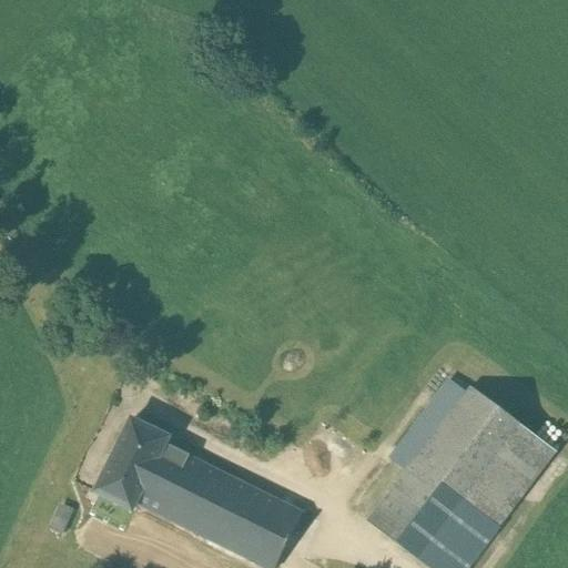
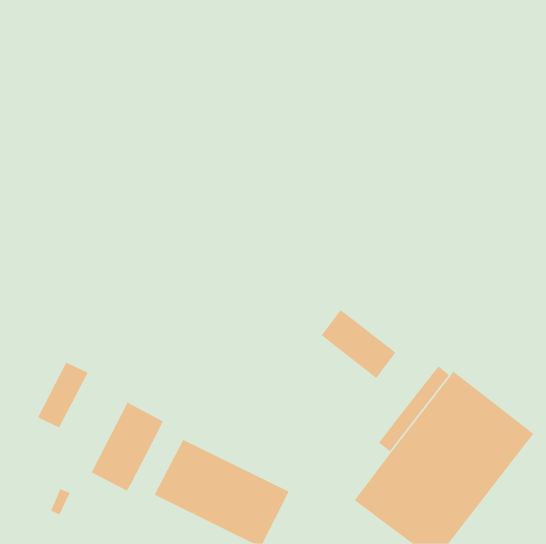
building: none -> [321,309,396,379]
building: [136,445,190,514] -> [37,362,88,428]

